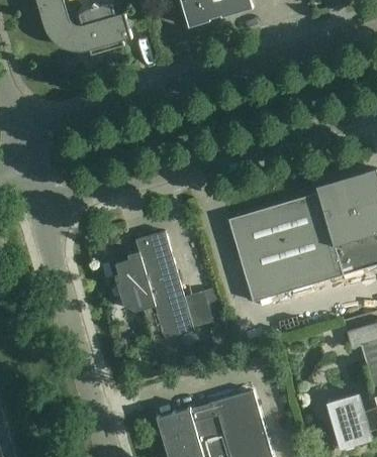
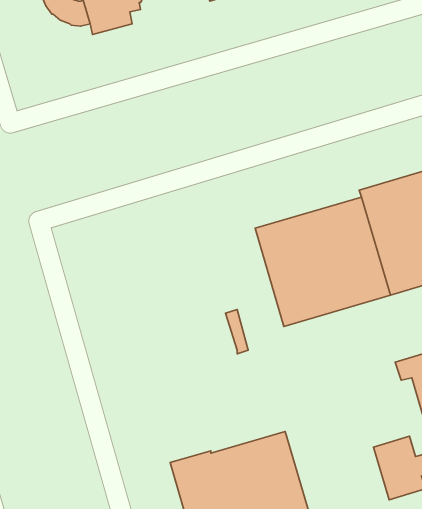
building: [114,231,193,342] -> none

